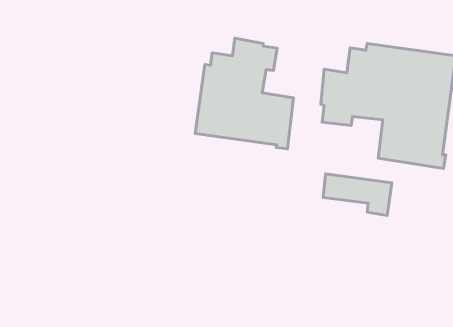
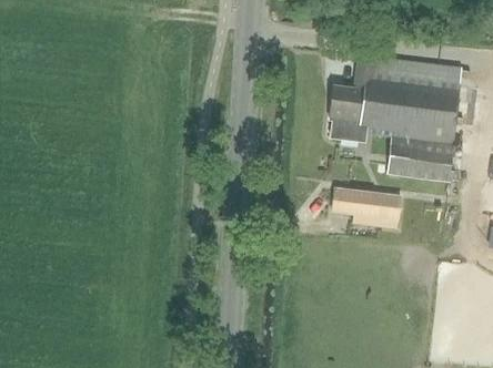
building: [195,38,294,149] -> none

